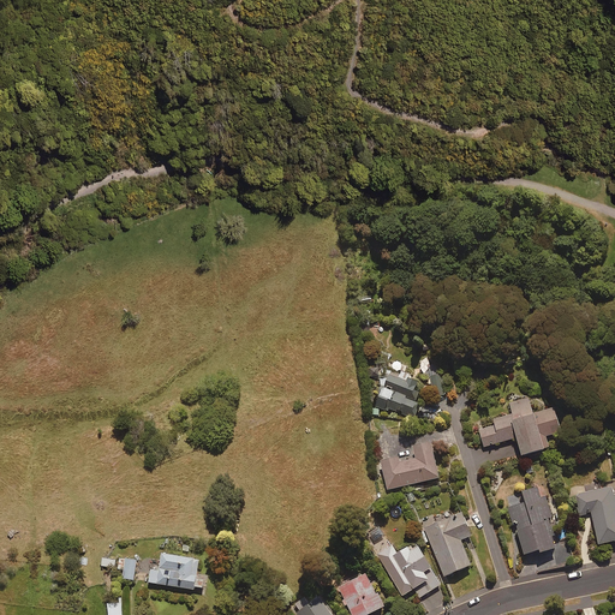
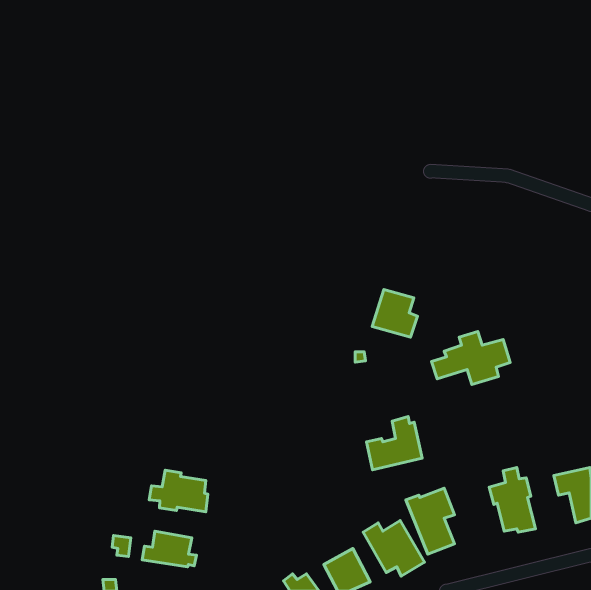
building: [375,369,422,418] -> [372,290,417,337]
building: [479,399,561,454] -> [431,331,510,385]
building: none -> [149,470,208,512]

